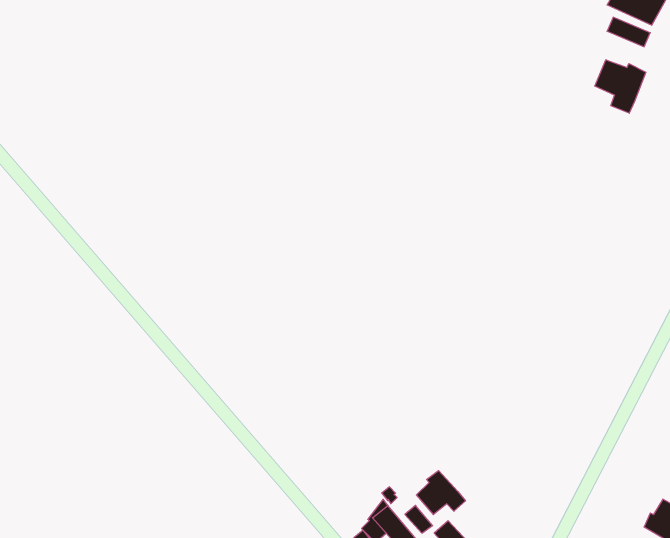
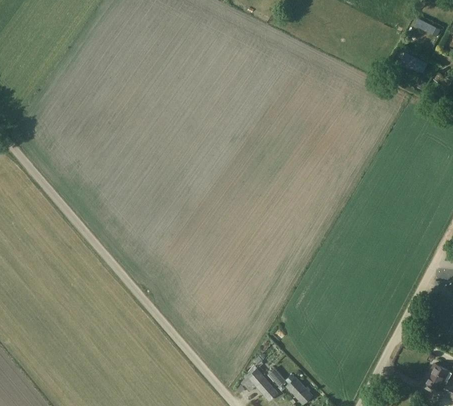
building: [595,60,646,113] -> none
building: [416,471,465,515] -> none

